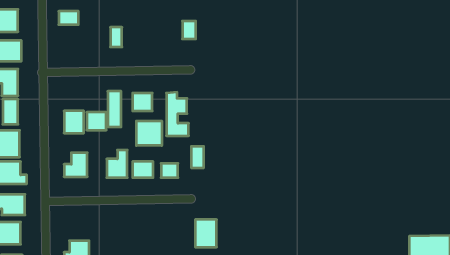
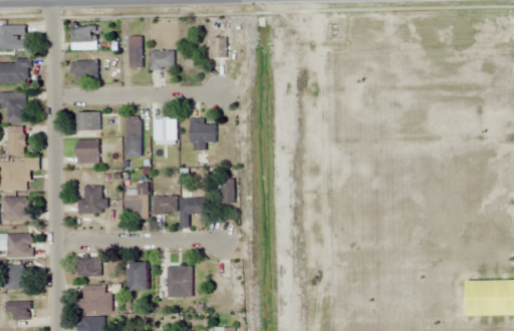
building: none -> [151,50,173,68]
building: none -> [70,60,96,79]
building: [87,112,106,130] -> [76,111,98,131]
building: [136,121,162,146] -> none
building: none -> [76,257,98,276]
building: [195,220,217,247] -> [168,266,192,297]
building: none -> [128,262,148,290]

